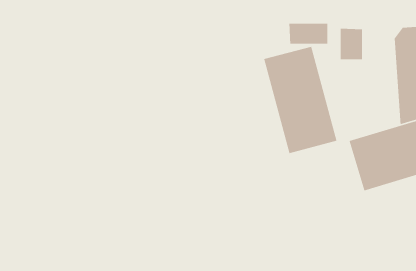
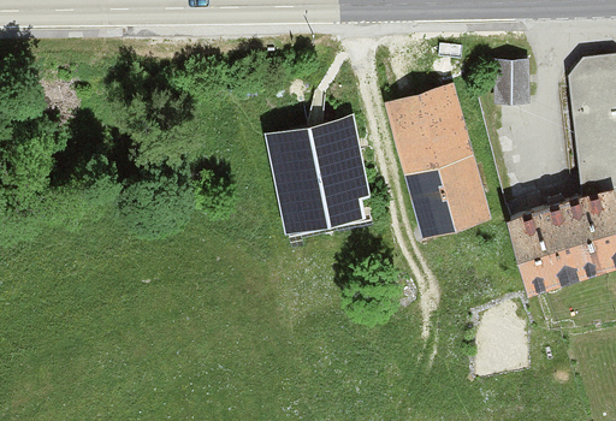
building: [289,23,328,44] -> none
building: none -> [261,114,373,247]

